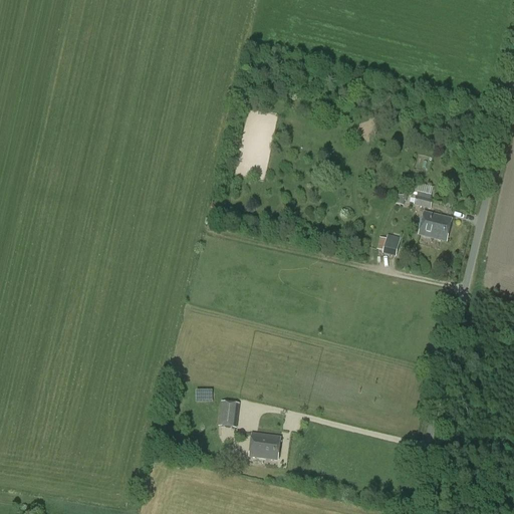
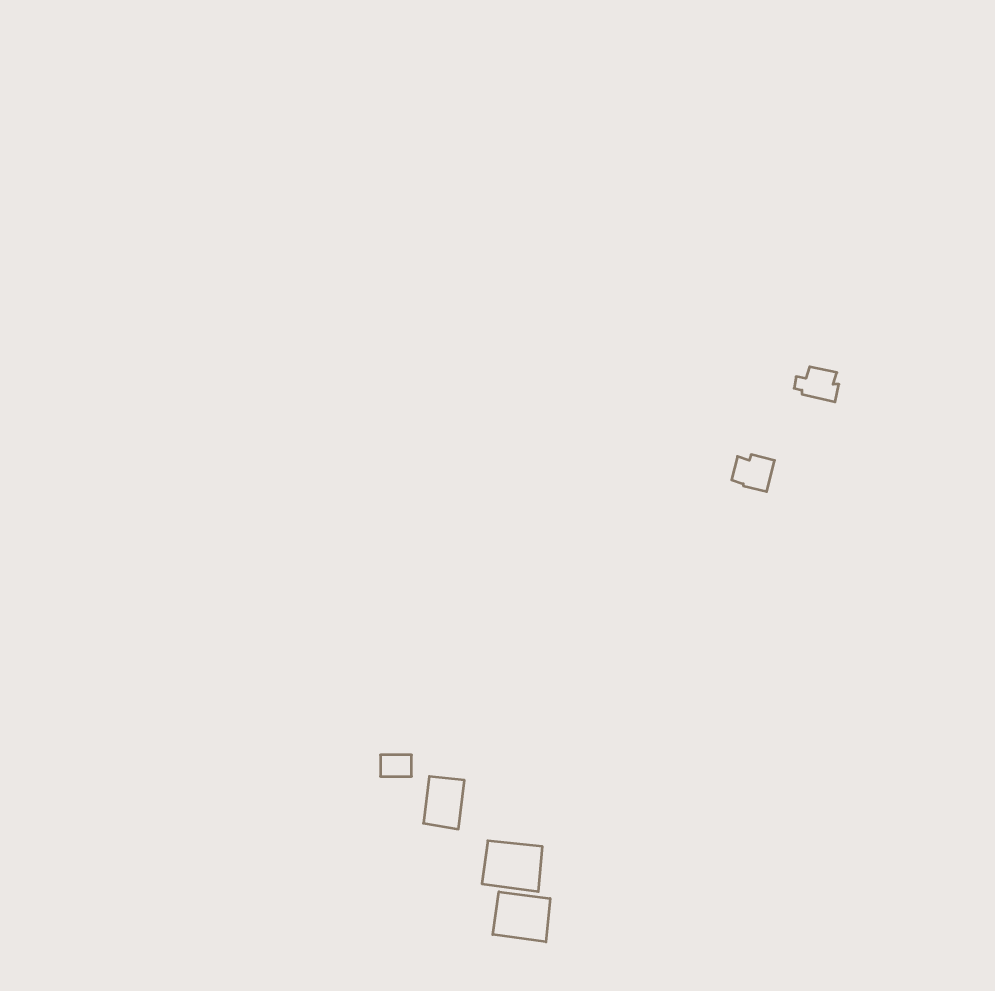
building: [418,211,451,240] -> none
building: none -> [493,892,550,942]

